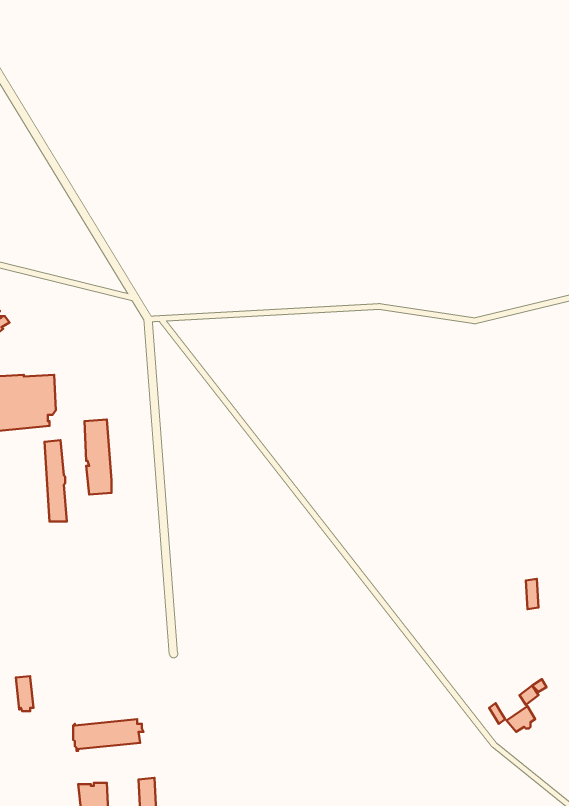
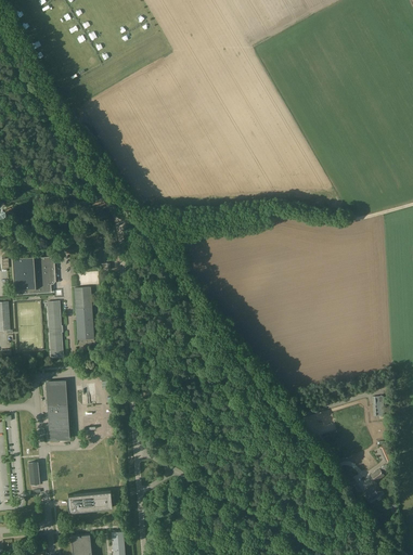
building: none -> [46,380,68,440]

